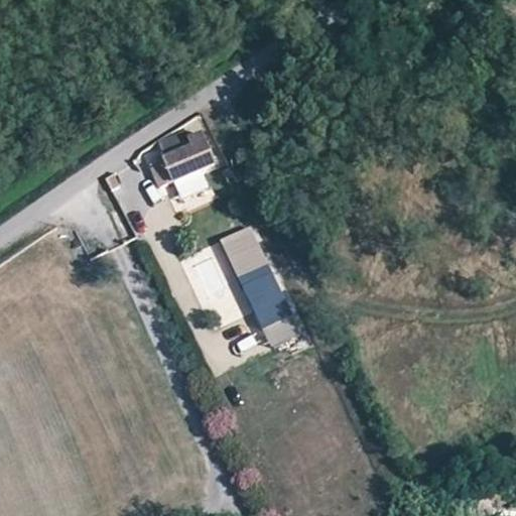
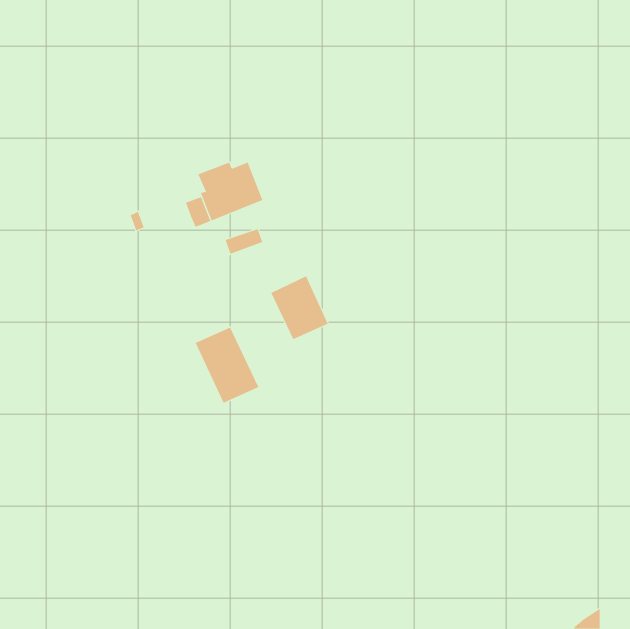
building: [239,264,291,327] -> [195,327,259,403]

